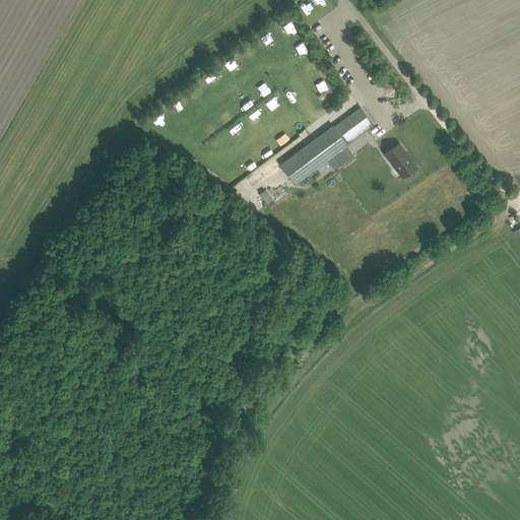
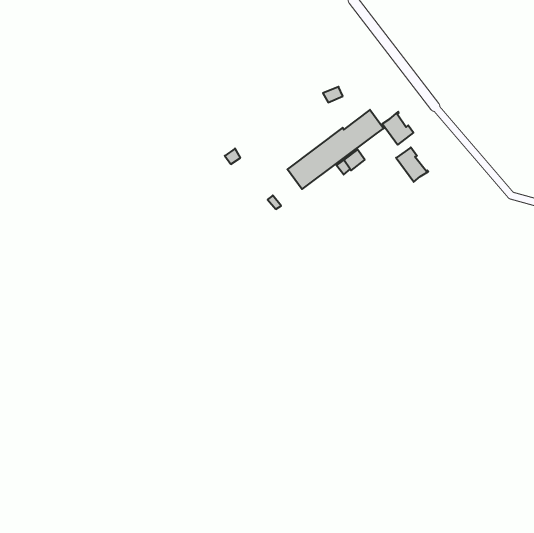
building: none -> [382,112,413,145]

